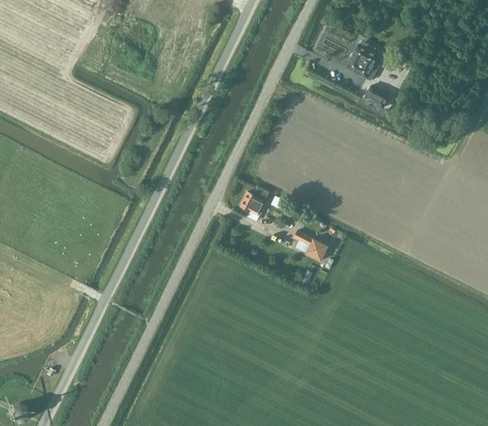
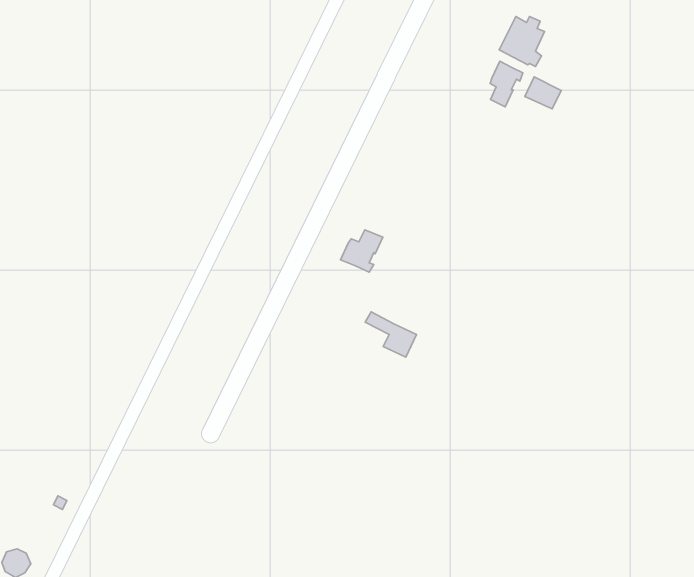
building: none -> [490,61,523,107]
building: [295,230,330,261] -> [365,312,416,357]

